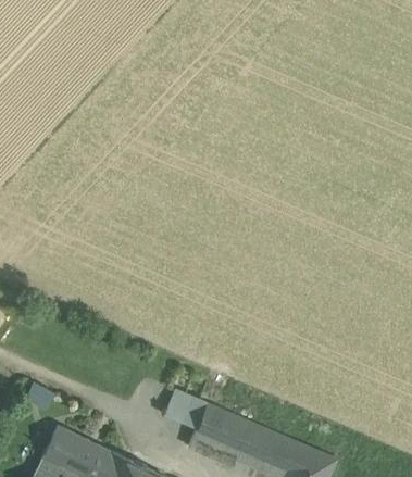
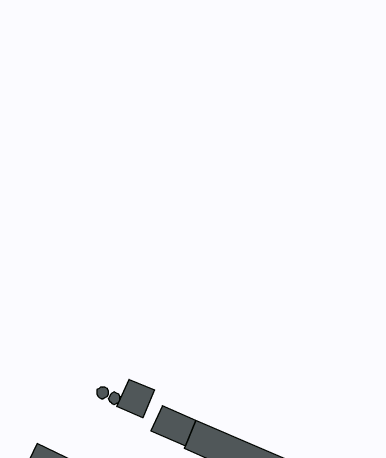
building: none -> [117,379,155,418]

